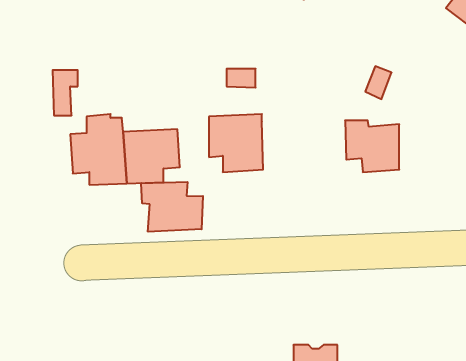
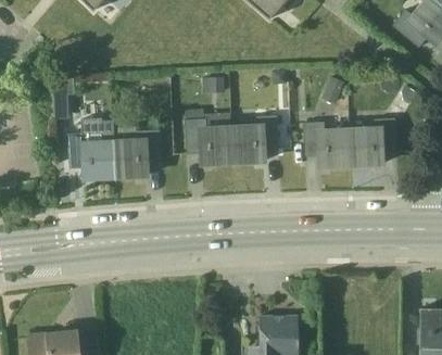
building: none -> [232,115,278,165]
building: none -> [351,118,396,165]
building: [141,182,203,232] -> none

